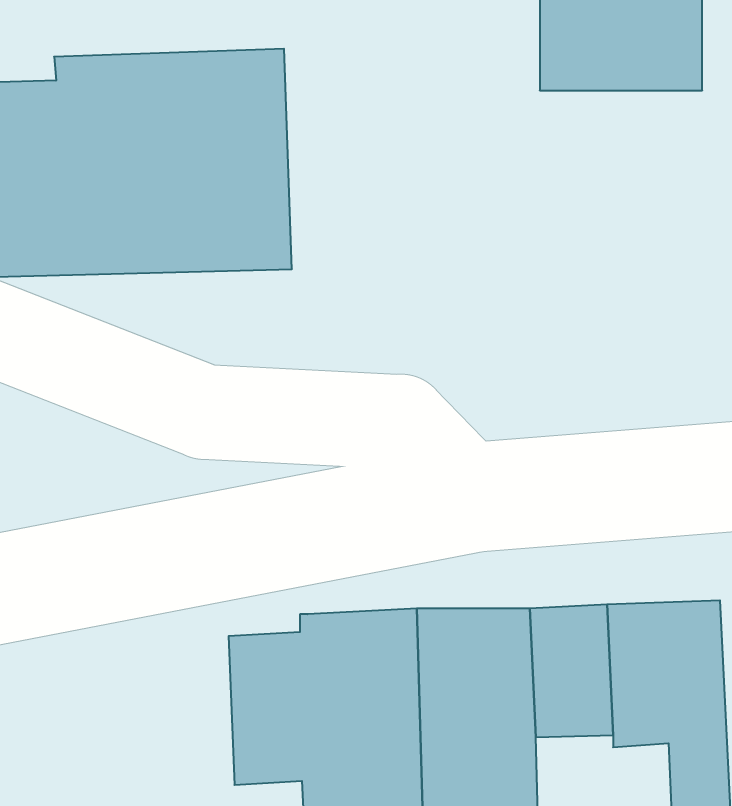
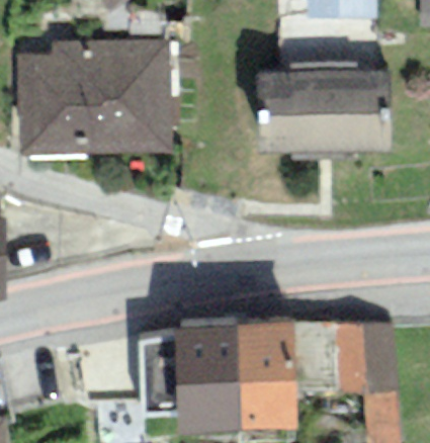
building: none -> [255,67,393,155]

